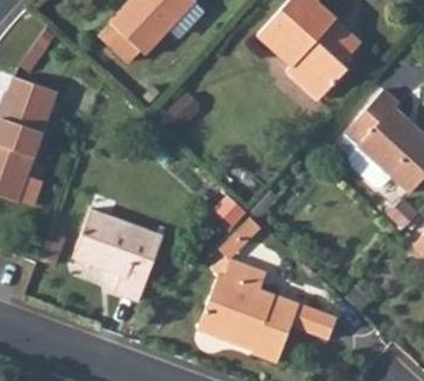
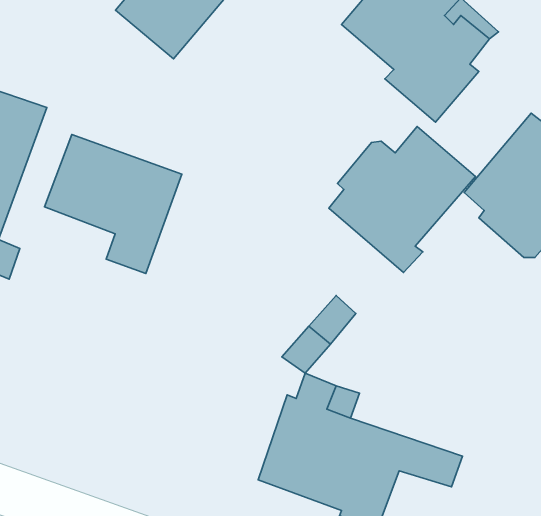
building: none -> [329,127,475,273]
building: [76,209,167,301] -> [45,135,182,274]

